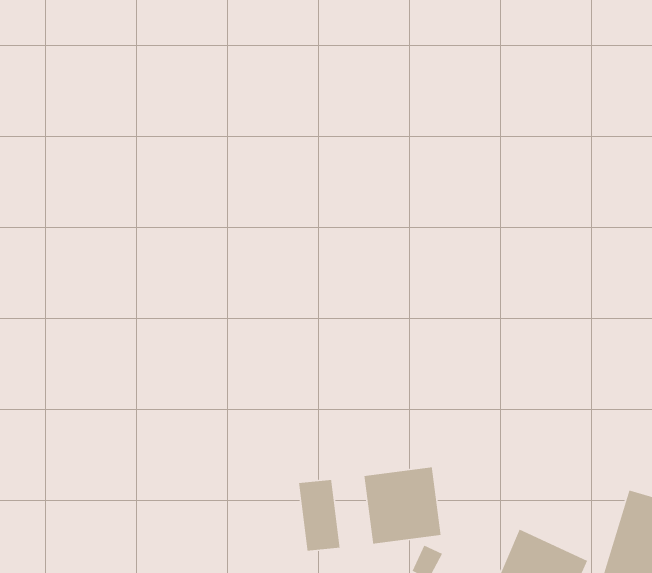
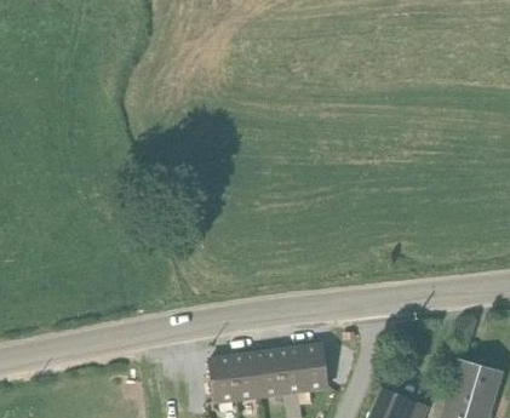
building: none -> [253,349,281,399]
building: none -> [206,354,236,405]

